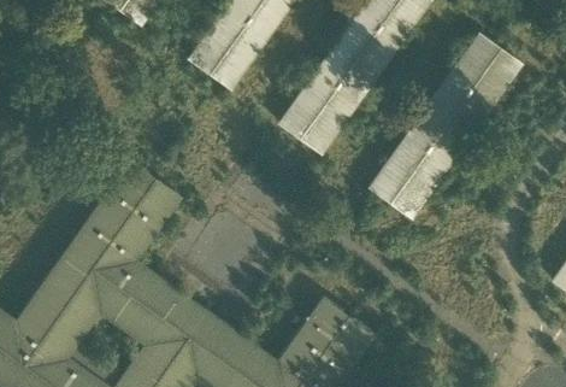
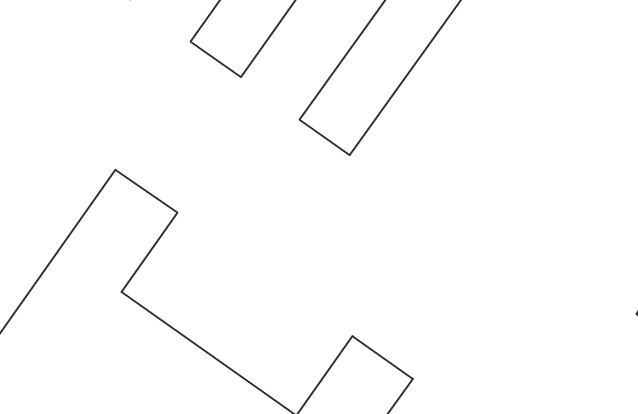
building: [369,34,519,216] -> none

